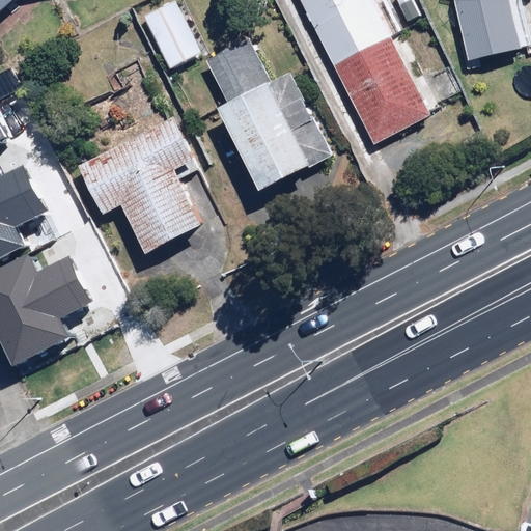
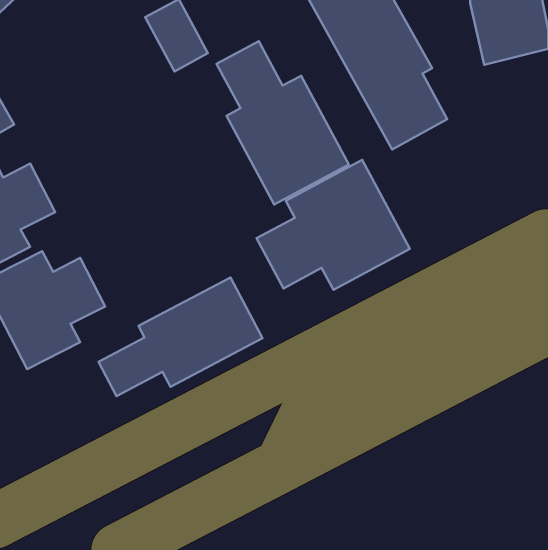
building: [74,116,200,255] -> none
building: none -> [256,160,410,290]
building: none -> [98,277,263,396]

